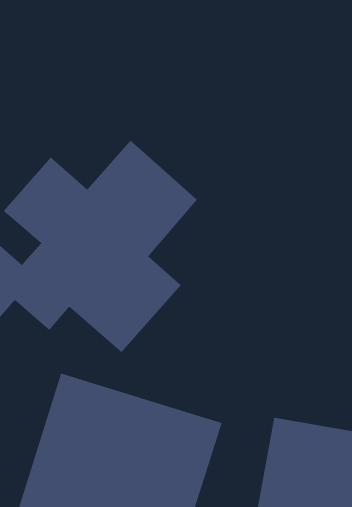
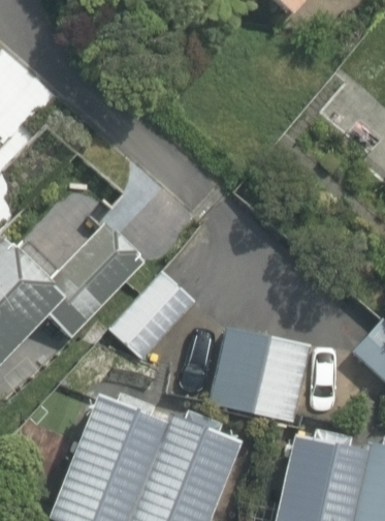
building: none -> [216,329,313,423]

